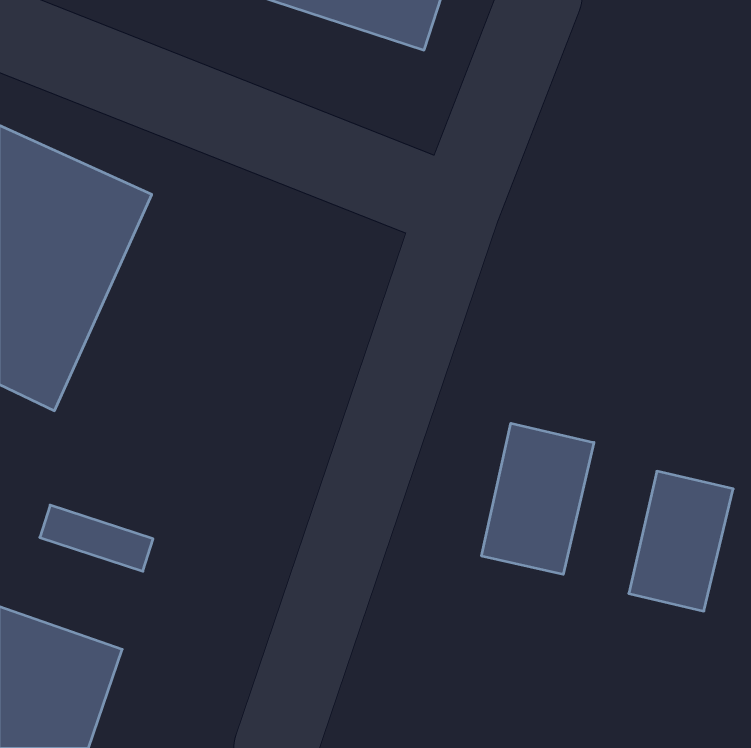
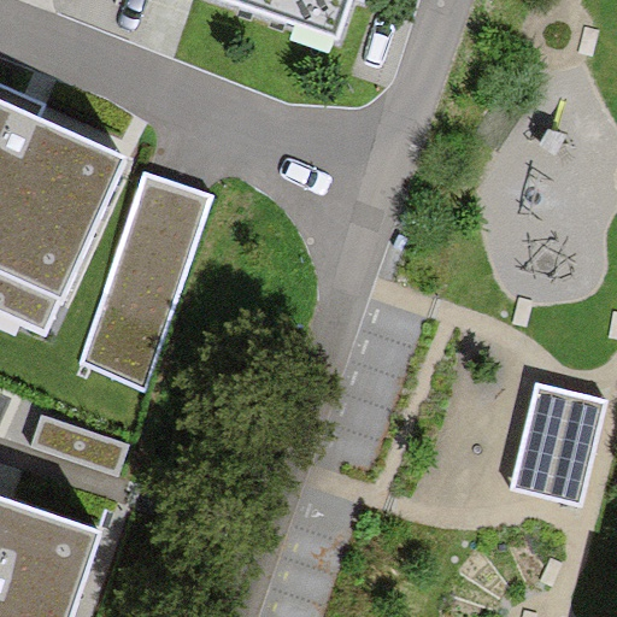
building: none -> [81,174,211,380]
building: [482,423,594,574] -> none

